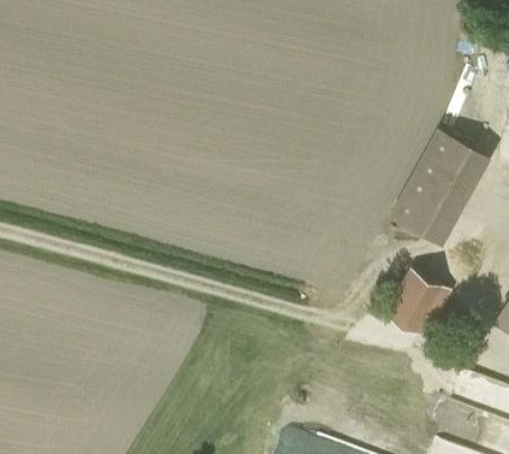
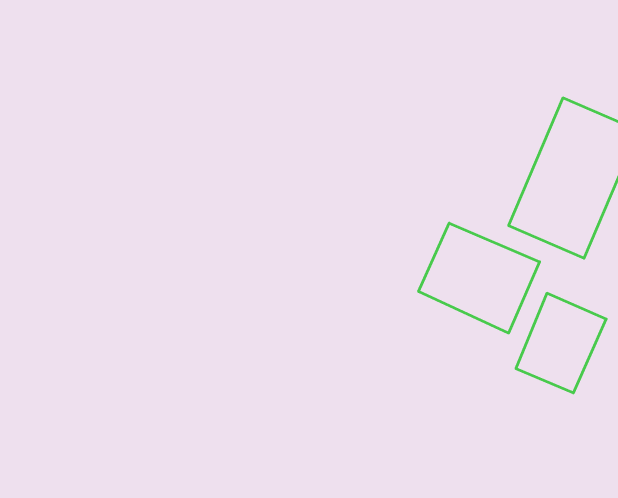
building: none -> [419,223,540,333]

